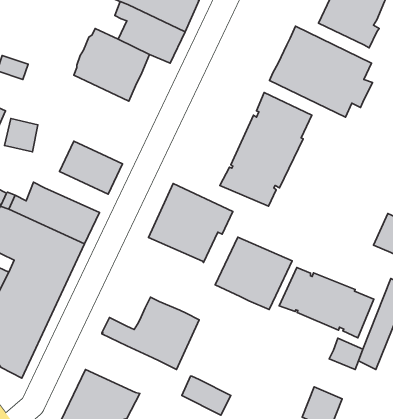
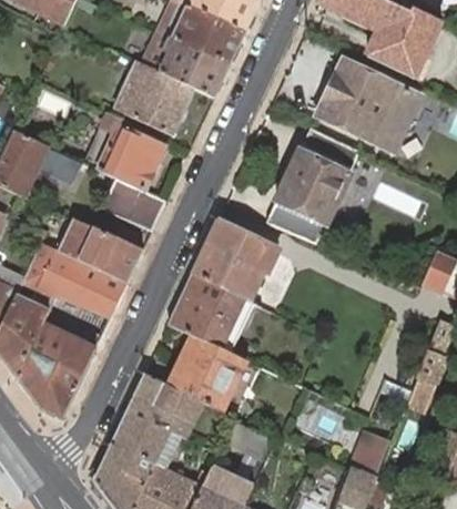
building: none -> [97,112,163,190]
building: [215,237,292,310] -> [167,275,246,349]
building: [279,268,374,338] -> none
building: none -> [126,374,195,434]

